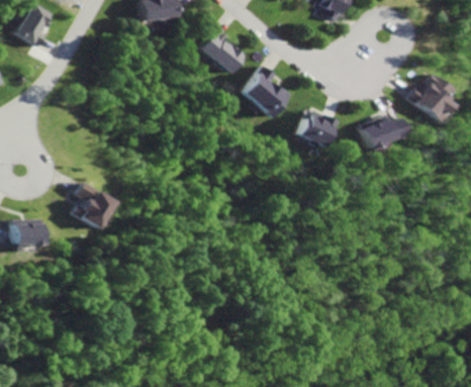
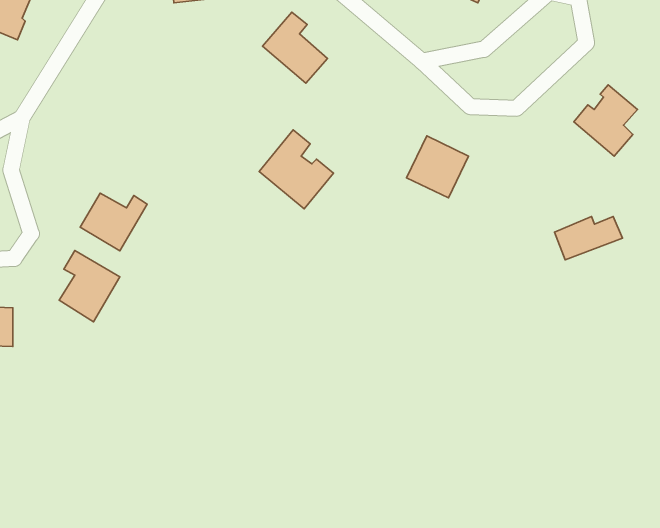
building: [243,67,291,118] -> [259,130,334,209]
building: [359,119,403,148] -> [554,217,623,260]
building: none -> [80,193,147,251]

